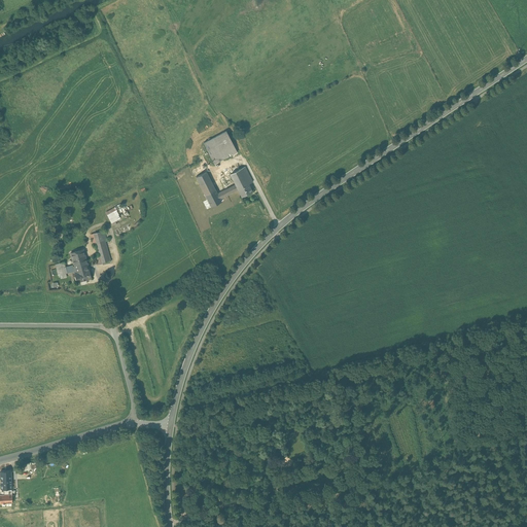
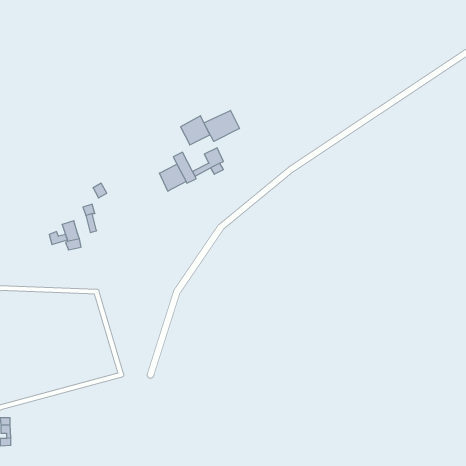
building: none -> [204,110,239,141]
building: none -> [159,164,186,191]

